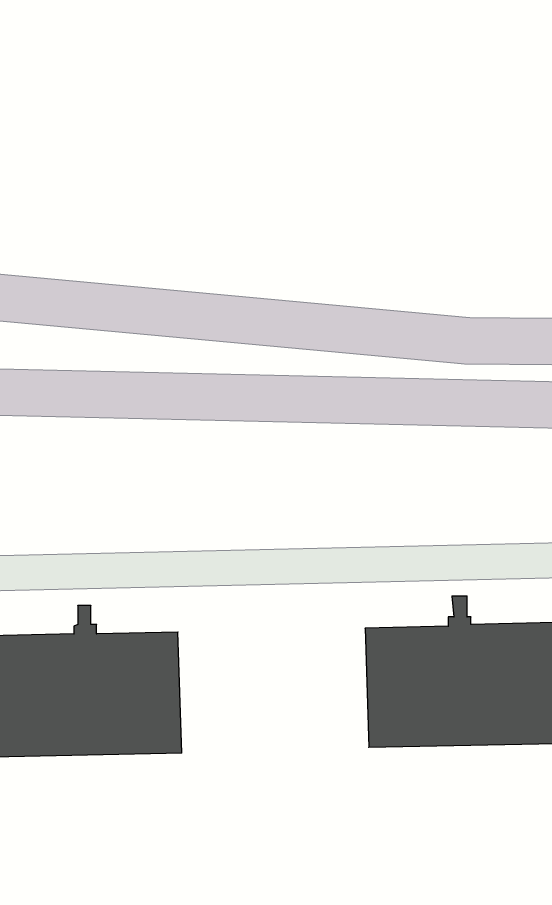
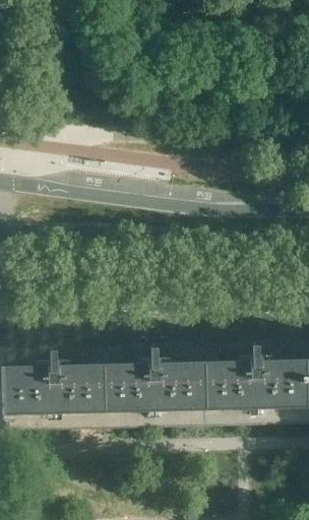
building: none -> [102,334,204,416]

